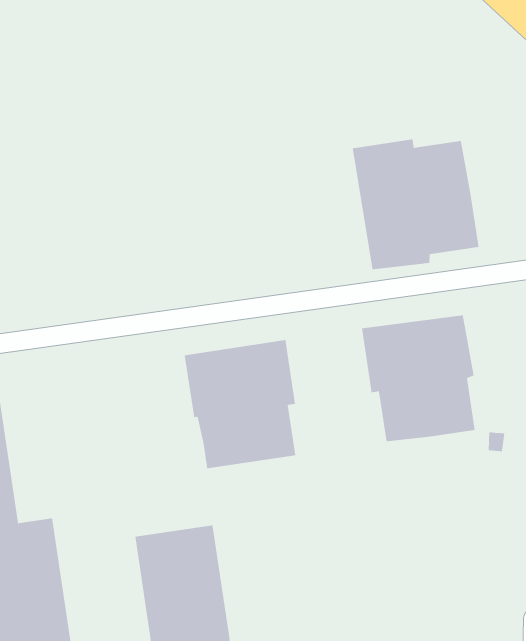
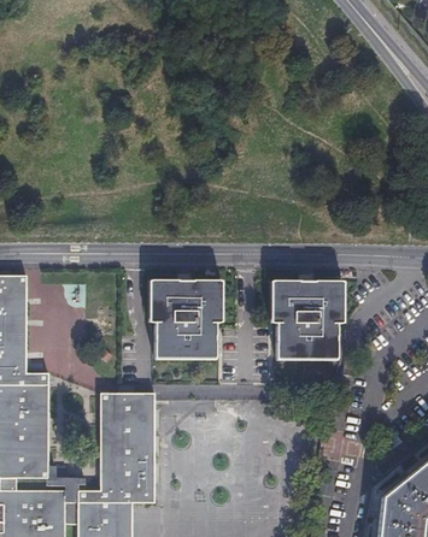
building: [352,139,479,270] -> none

